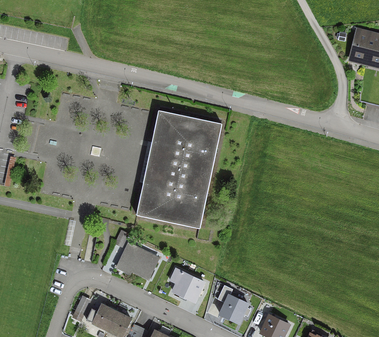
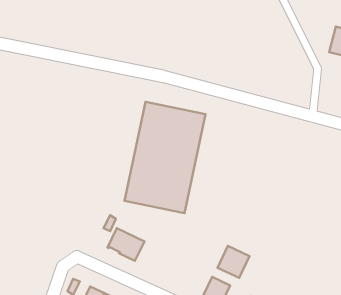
building: none -> [217,246,249,278]
building: [170,268,202,300] -> none

